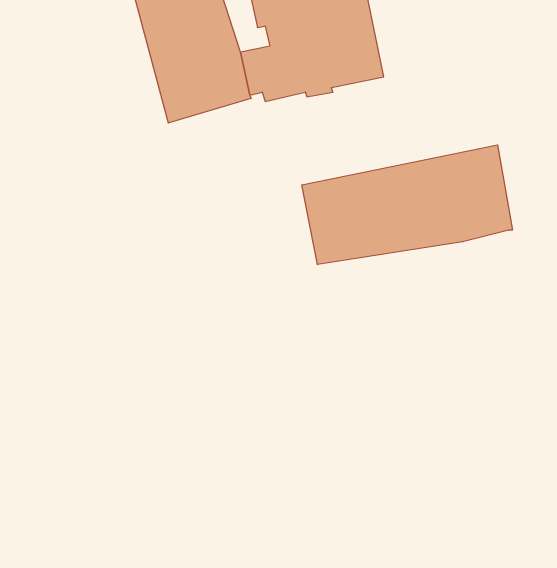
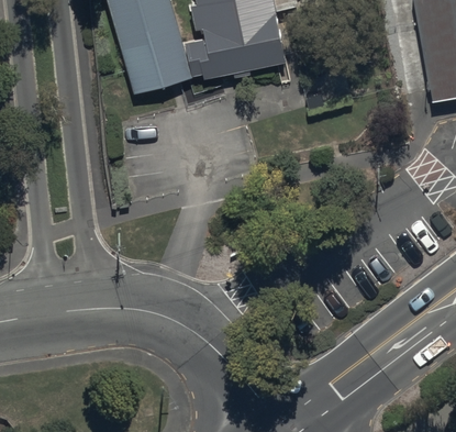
building: [302,145,512,265] -> none

